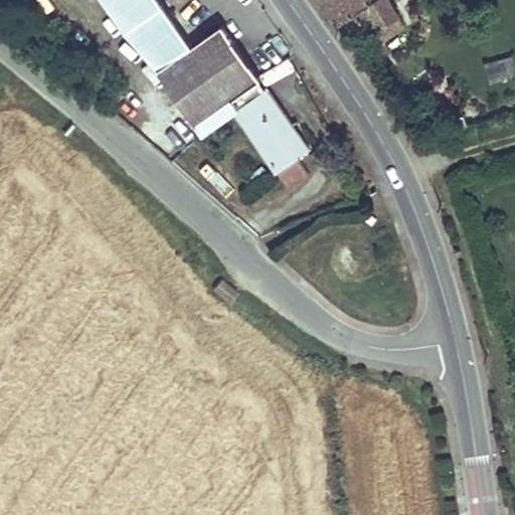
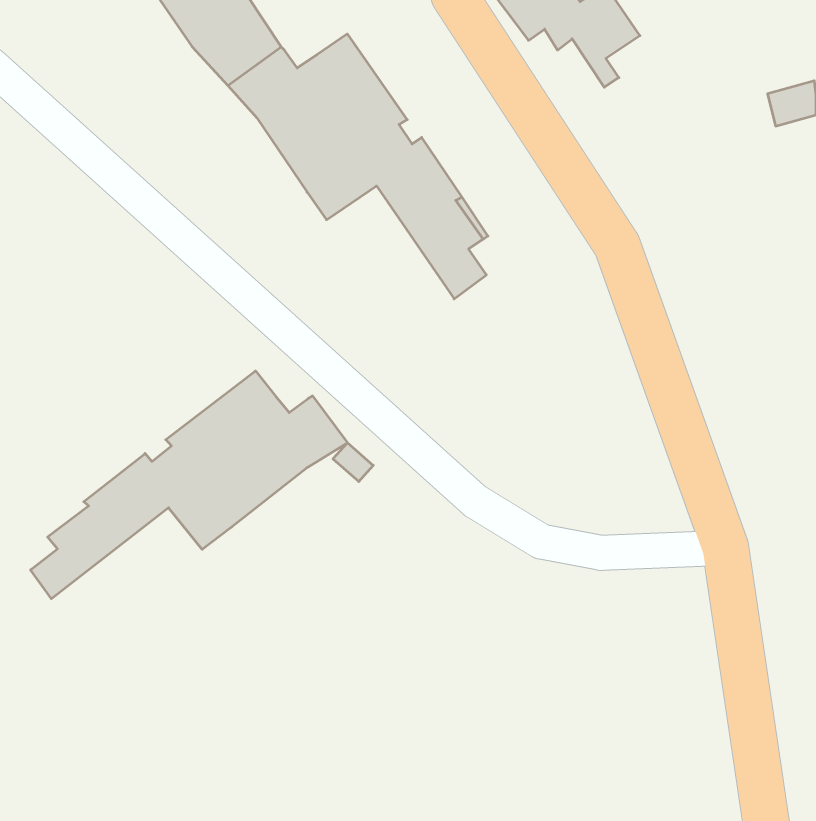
building: none -> [31,371,347,599]

